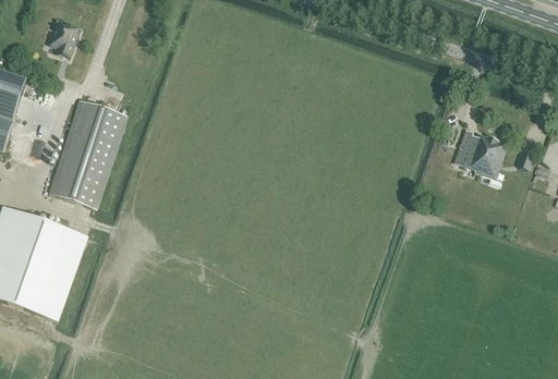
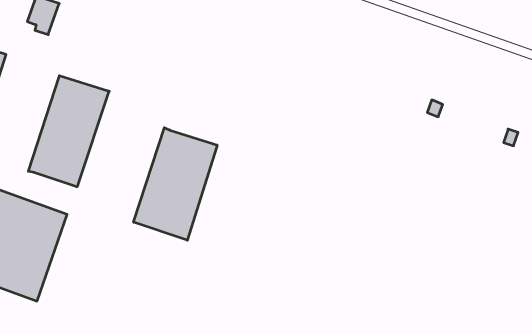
building: [457,129,508,178] -> none
building: none -> [134,128,217,240]

